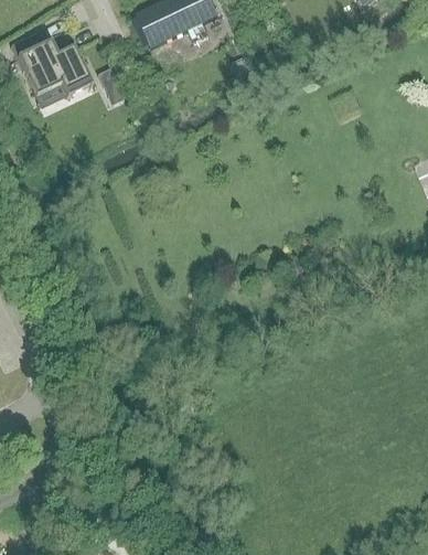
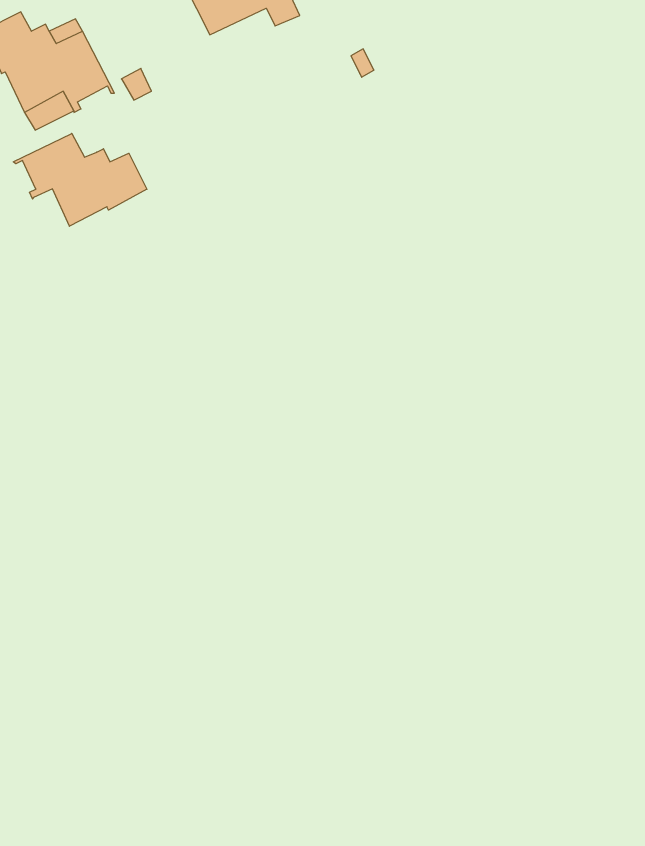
building: none -> [13,133,147,226]

